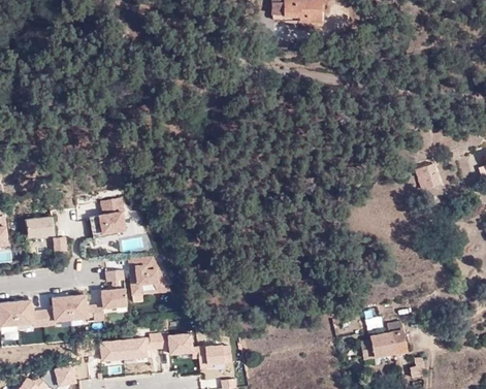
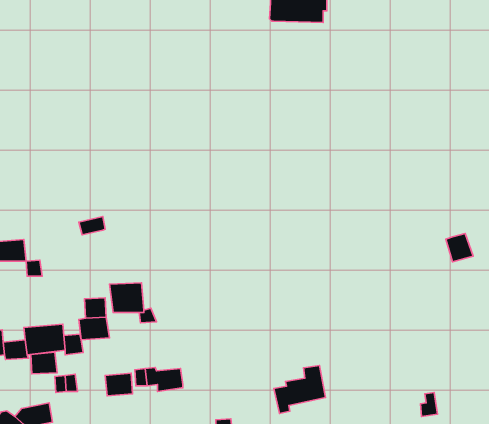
building: [416,164,441,190] -> [446,233,473,262]
building: [98,209,125,233] -> none
building: [360,322,407,365] -> [274,366,325,413]
building: [102,341,126,360] -> [31,352,57,374]
building: [199,346,233,365] -> none

